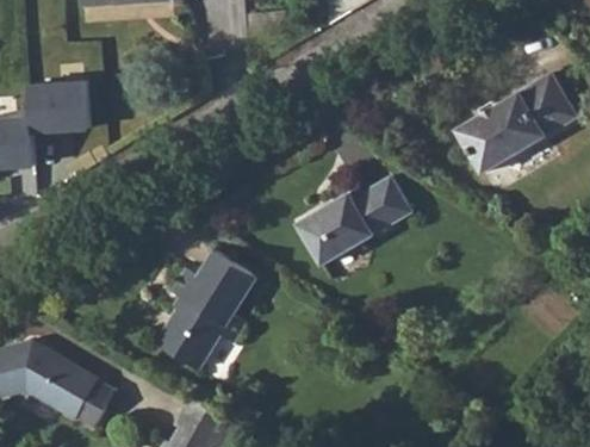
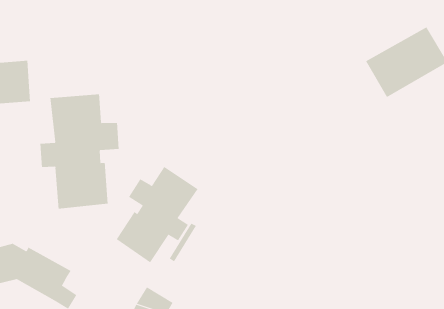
building: [43,80,103,137] -> none
building: none -> [40,93,119,210]
building: [293,178,405,263] -> none

